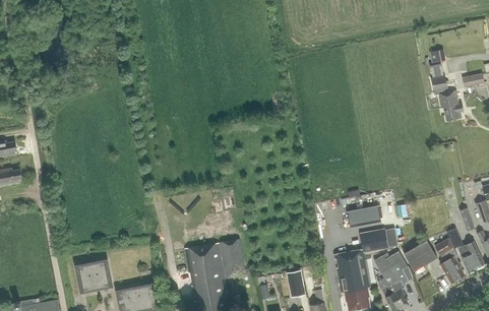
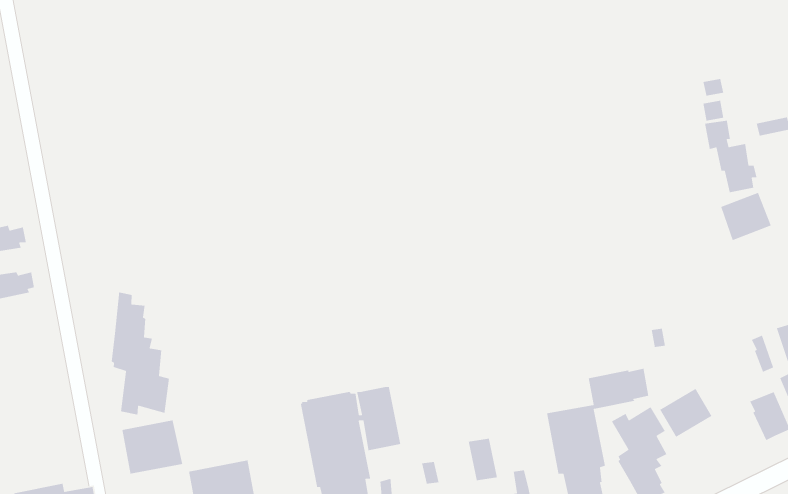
building: none -> [720,192,772,241]
building: none -> [111,291,170,416]
building: [348,206,379,227] -> none
building: [434,238,464,283] -> none

